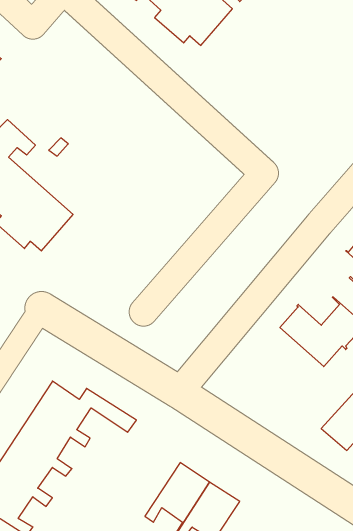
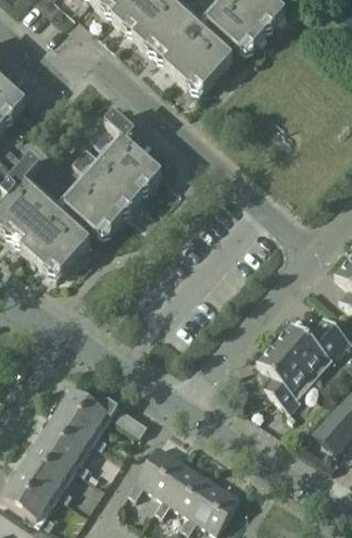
building: none -> [66,113,163,234]
building: none -> [257,341,315,410]
building: none -> [128,445,187,510]

